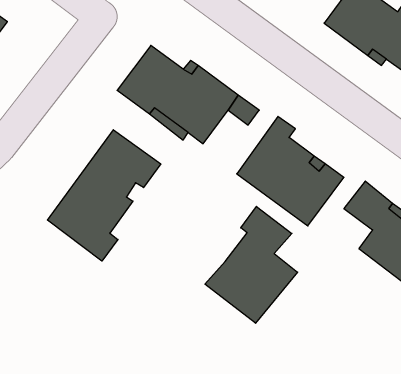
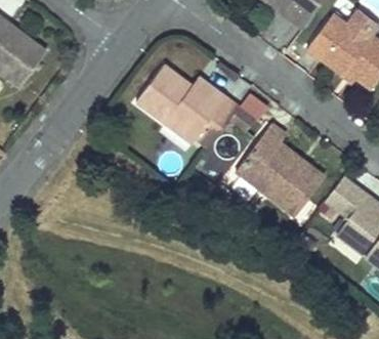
building: [47,130,161,261] -> none
building: [205,206,298,323] -> none

